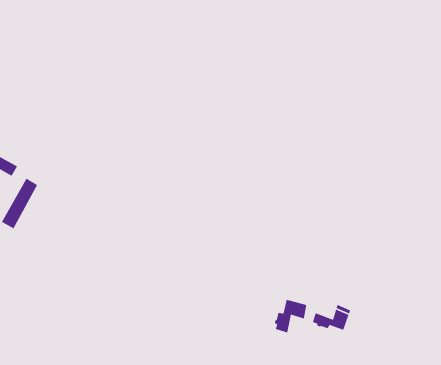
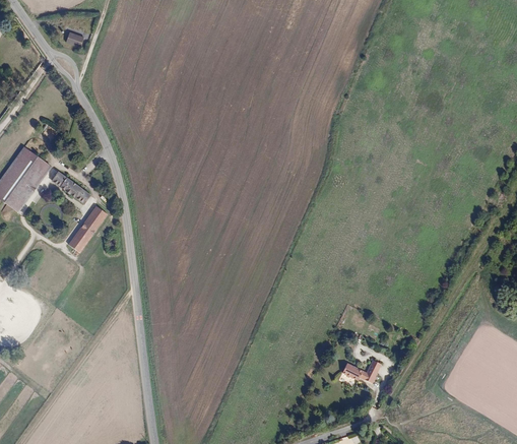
building: [274,299,307,333] -> none

